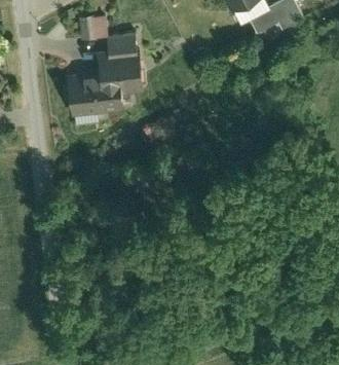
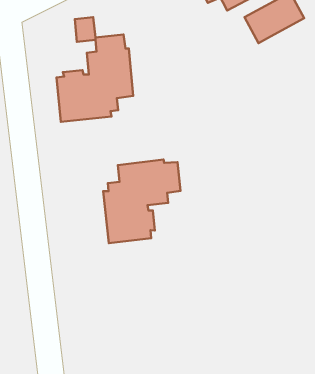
building: none -> [103,160,180,243]

